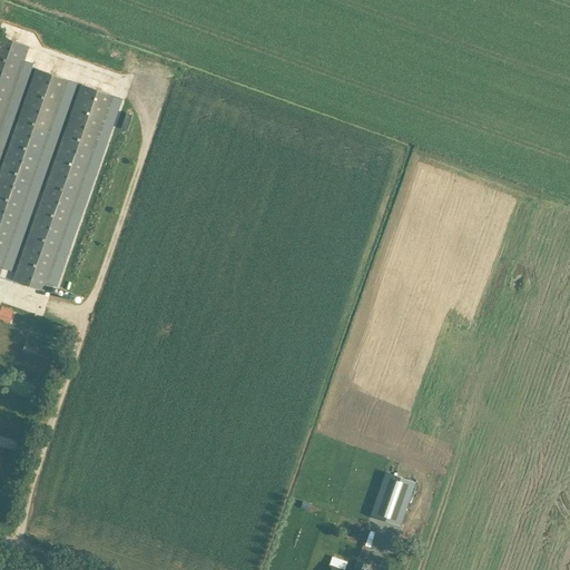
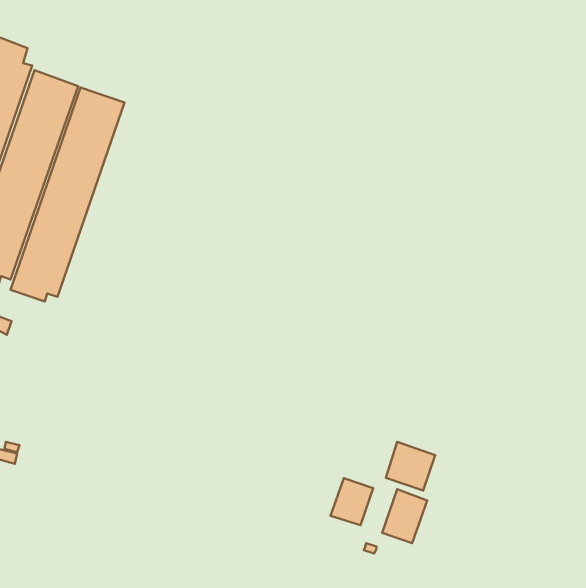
building: none -> [386,442,435,490]
building: none -> [331,478,373,525]

